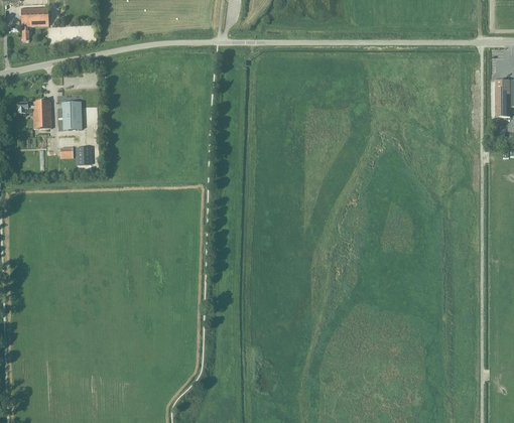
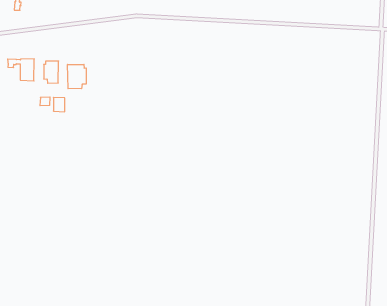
building: none -> [68,64,86,89]

